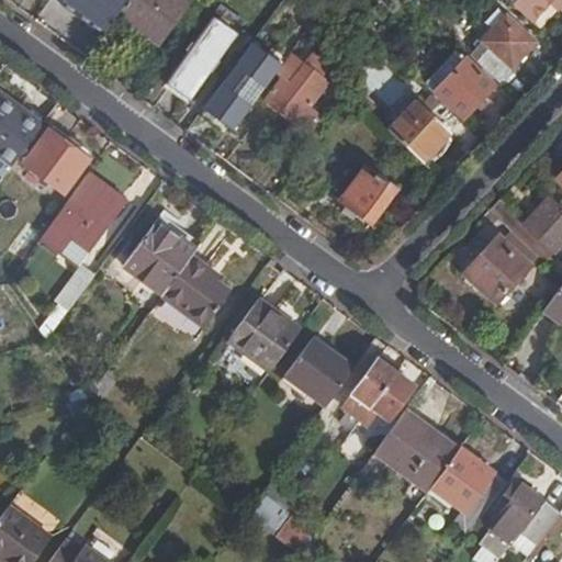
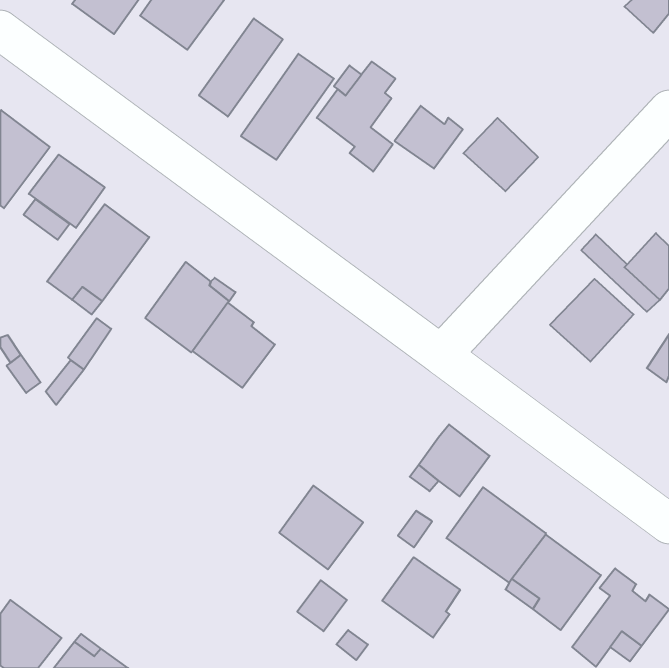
building: [471,13,537,80] -> none
building: [426,50,494,117] -> none
building: [339,169,396,222] -> [395,106,463,169]
building: [228,296,300,370] -> none
building: [284,335,355,405] -> [279,486,363,569]
building: none -> [382,557,460,638]

